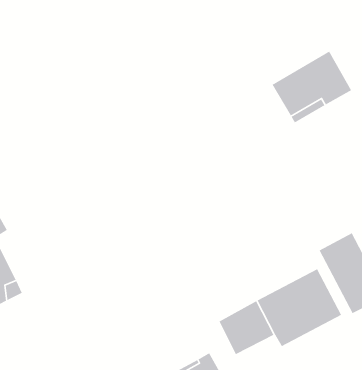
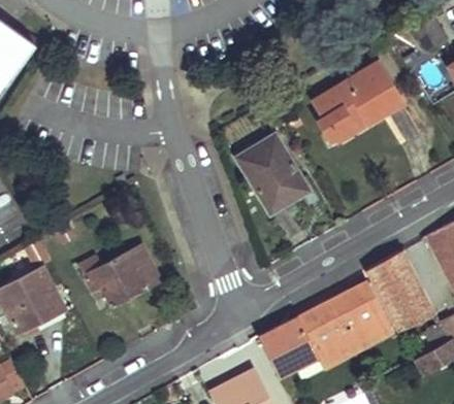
building: none -> [238,140,312,222]
building: none -> [84,248,161,308]

